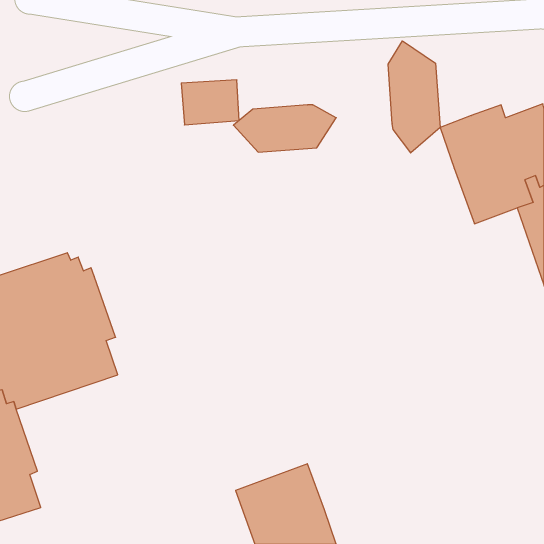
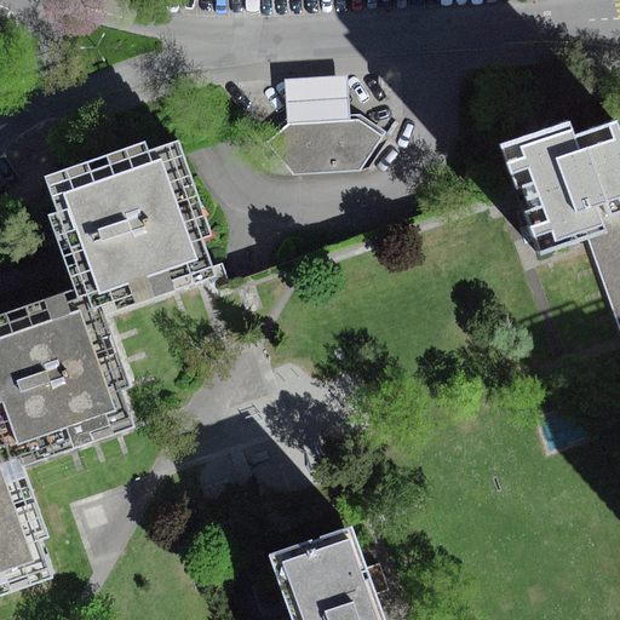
building: [388,41,440,153] -> none
building: [181,80,239,125] -> [282,73,348,124]
building: none -> [50,138,225,312]

